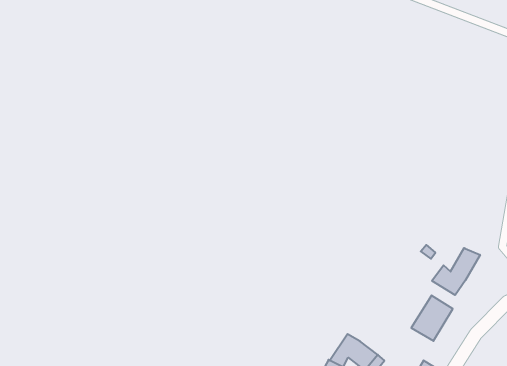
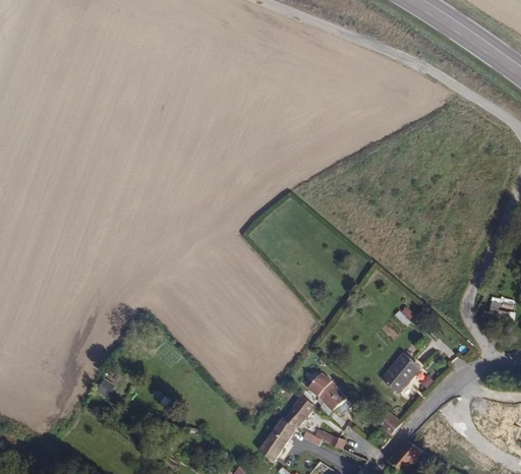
building: [432,248,480,295] -> none

